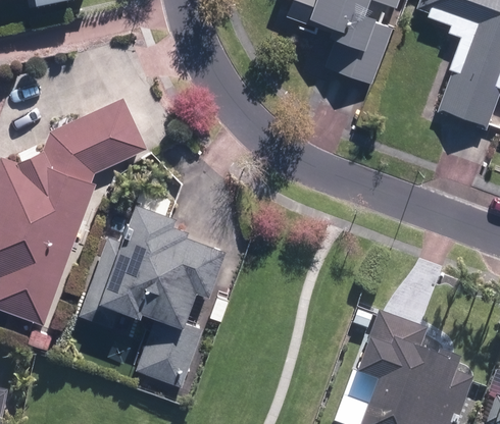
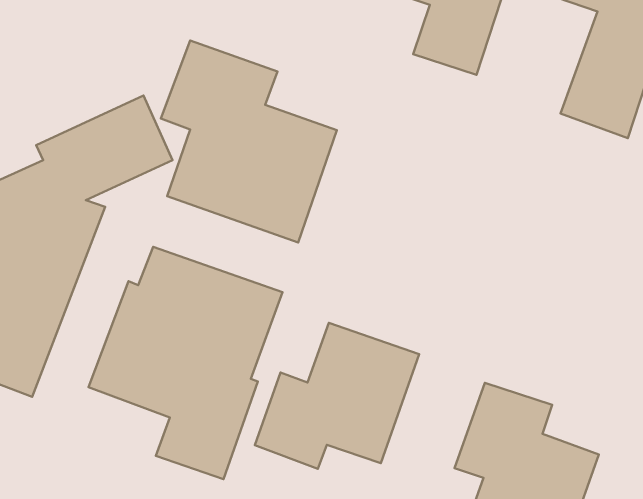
building: none -> [161,41,337,242]
building: none -> [255,323,419,469]

